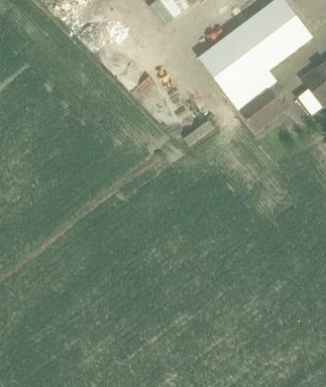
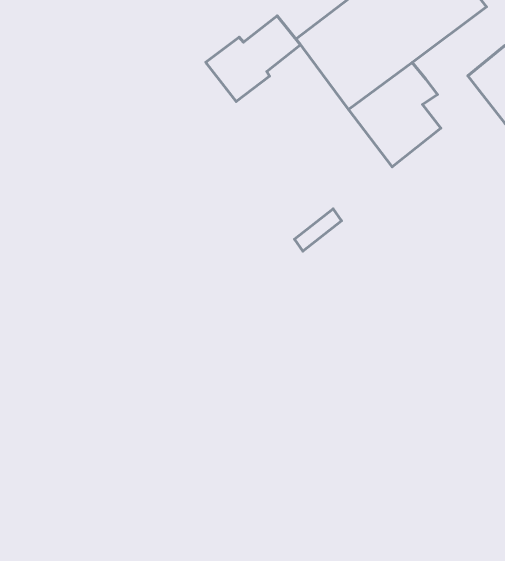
building: none -> [206,16,301,101]

